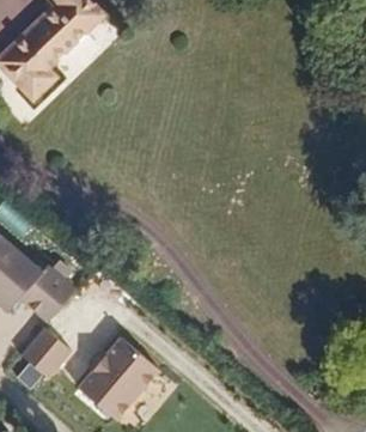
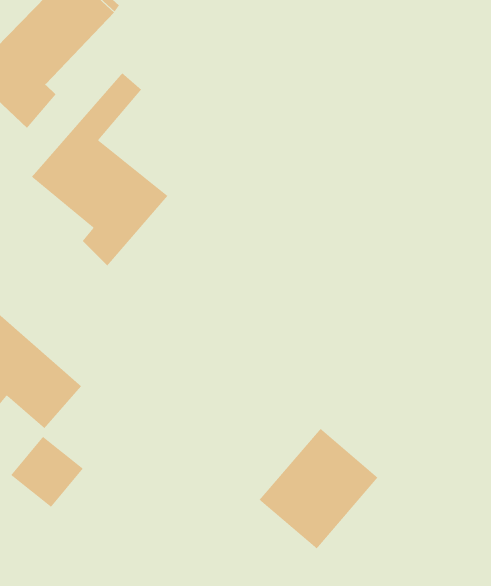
building: none -> [31,72,168,266]
building: [77,335,160,420] -> [259,428,379,549]

